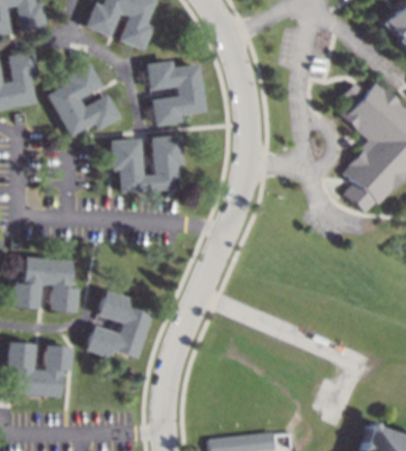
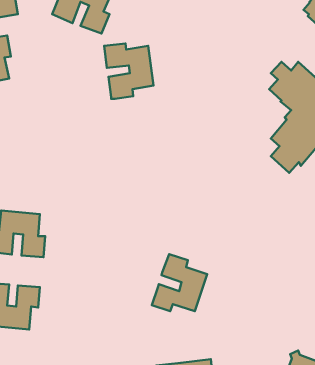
building: [49,63,120,137] -> none
building: [111,136,182,192] -> none
building: [86,291,151,358] -> [152,254,207,311]

